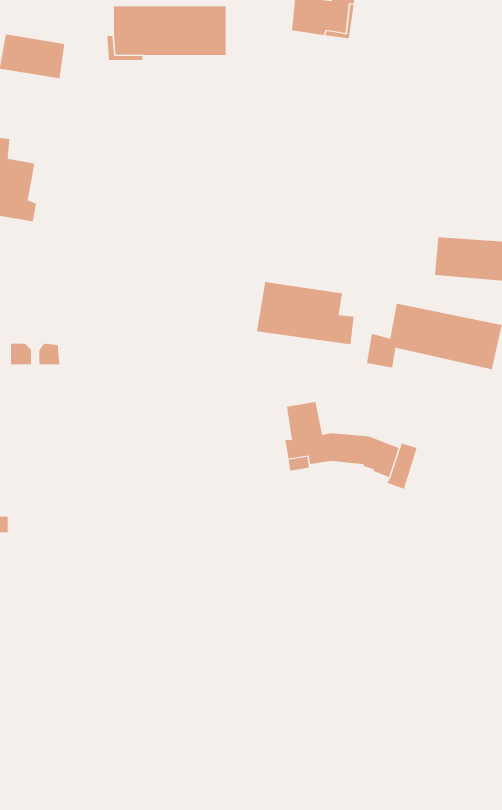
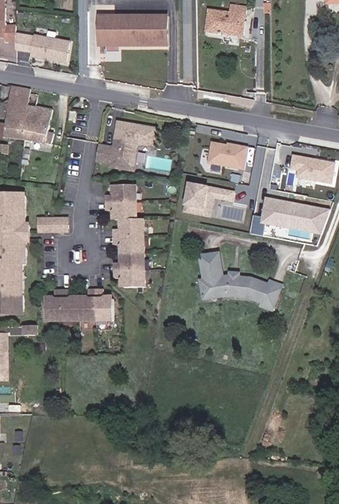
building: none -> [94,122,155,170]
building: none -> [207,138,250,170]
building: none -> [107,184,144,286]
building: none -> [41,288,111,318]

